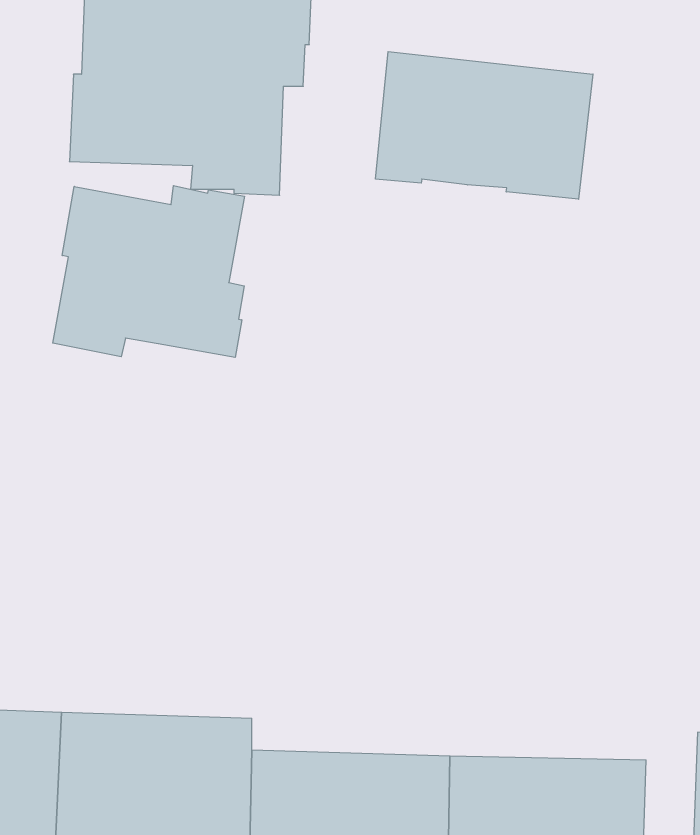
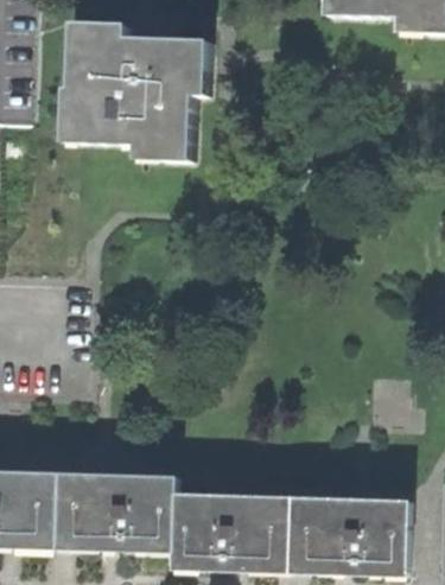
building: [376,52,593,199] -> none
building: [53,186,244,357] -> none

